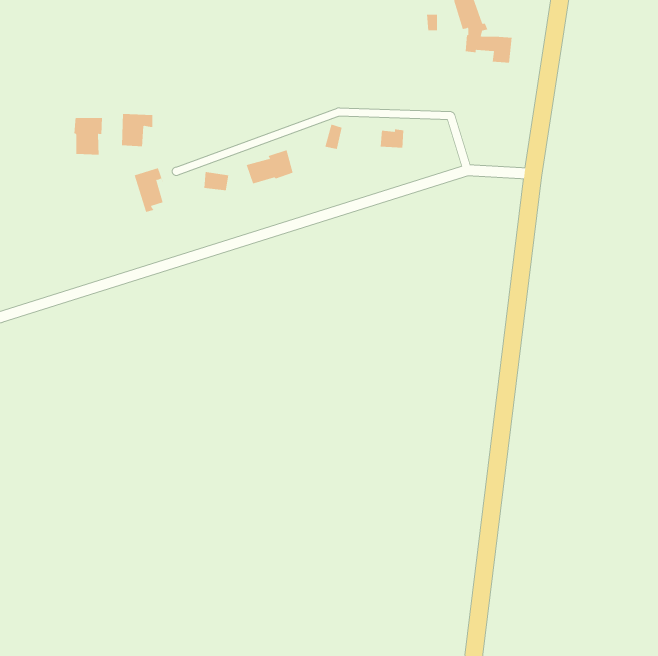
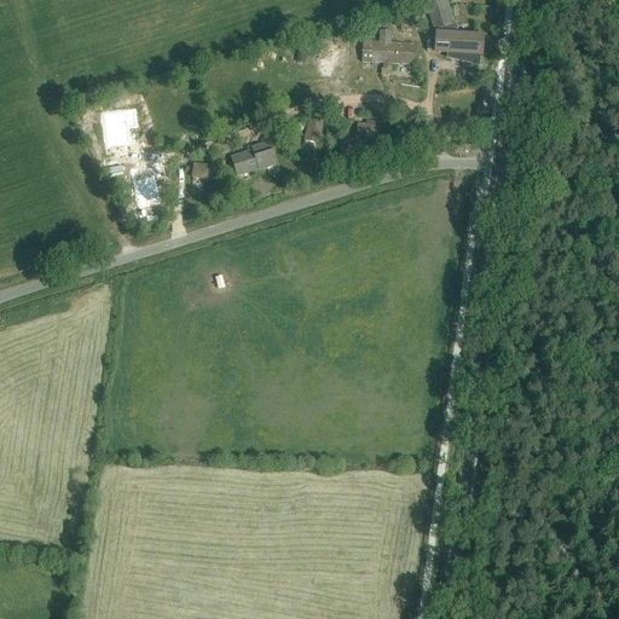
building: none -> [361,28,413,74]
building: [74,117,103,155] -> none

